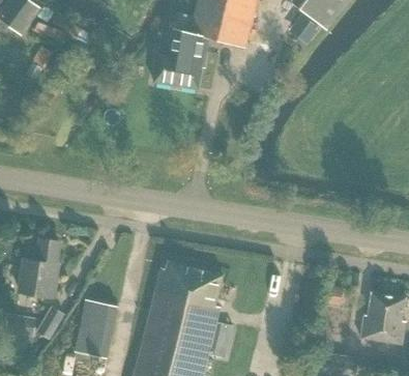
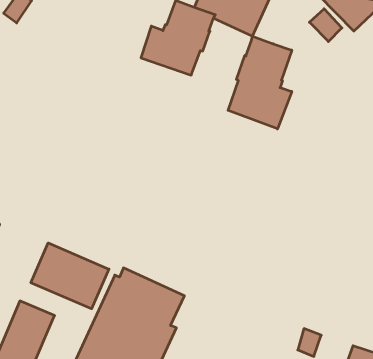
building: none -> [228,36,292,129]
building: none -> [31,243,109,309]

